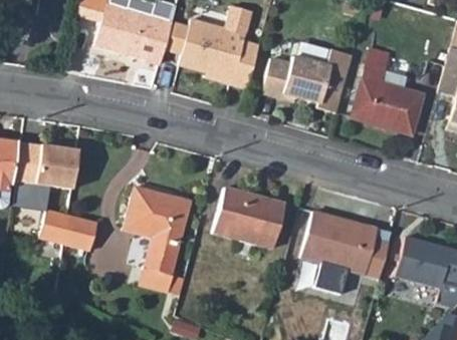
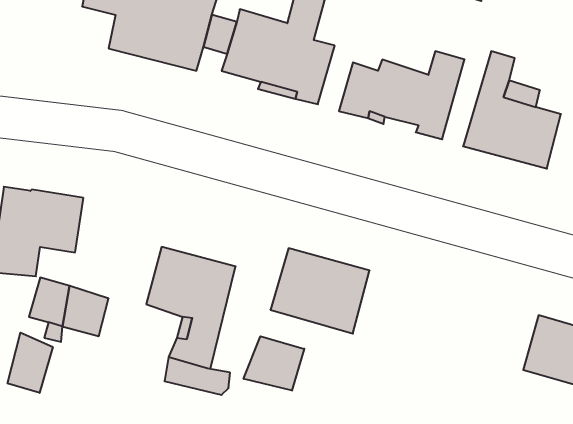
building: [301,213,390,294] -> none
building: none -> [8,333,53,393]
building: none -> [244,336,304,391]

